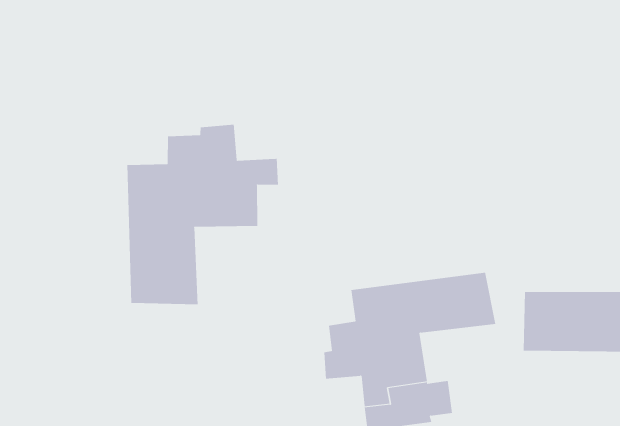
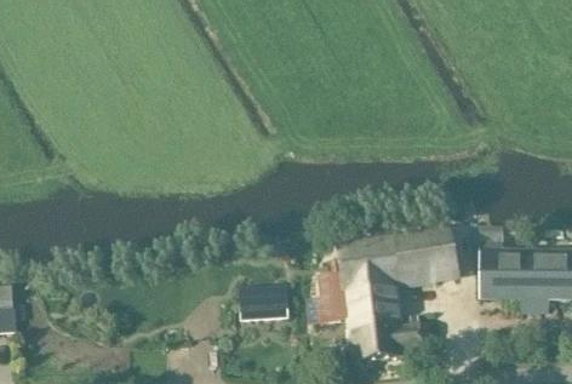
building: [127,124,279,305] -> none
building: none -> [242,287,286,316]

